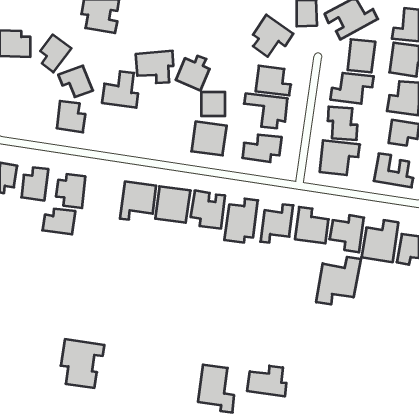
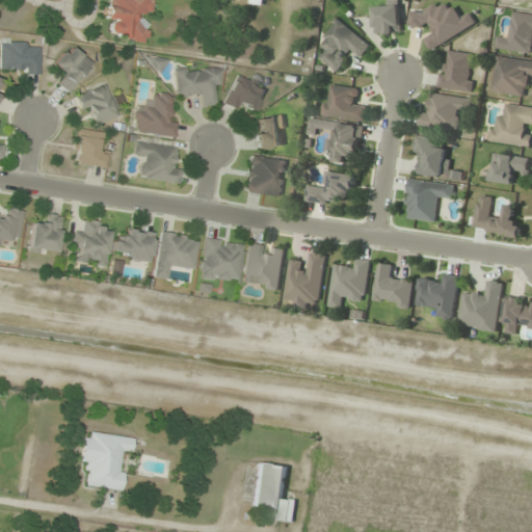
building: none -> [131,140,179,182]
building: [42,209,75,234] -> [111,228,153,260]
building: [316,257,361,304] -> none
building: [247,366,286,396] -> none

